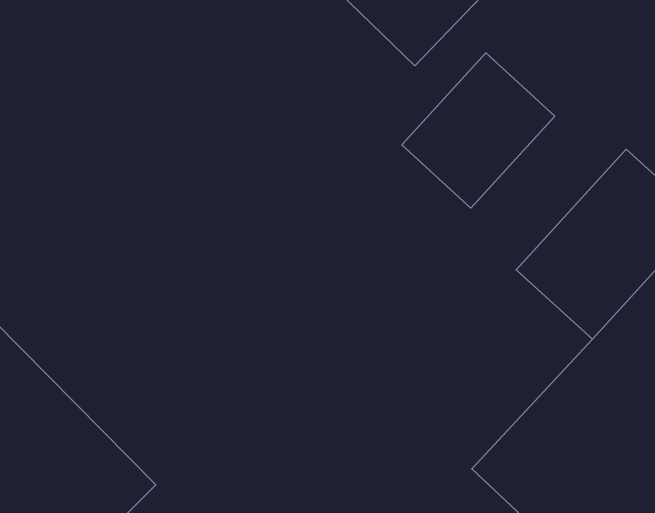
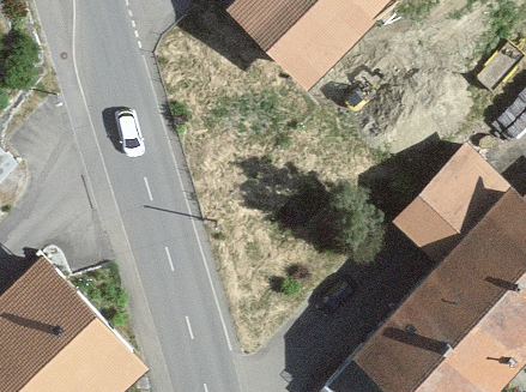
building: [402,53,555,208] -> none

